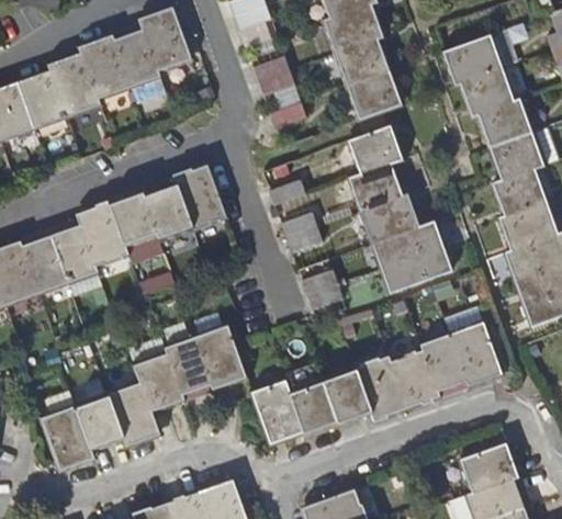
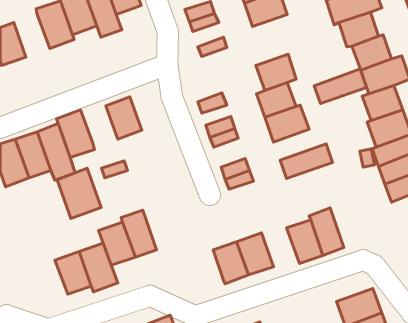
building: [19,71,68,129] -> none
building: [344,71,402,122] -> none
building: [175,163,226,228] -> none
building: [110,190,158,246] -> none
building: [372,222,443,269] -> [314,69,367,104]
building: none -> [57,168,101,218]
building: [445,307,503,387] -> none
building: [194,325,247,391] -> none
building: [356,356,407,421] -> none
building: [251,379,304,444] -> none
building: [42,405,94,471] -> none

